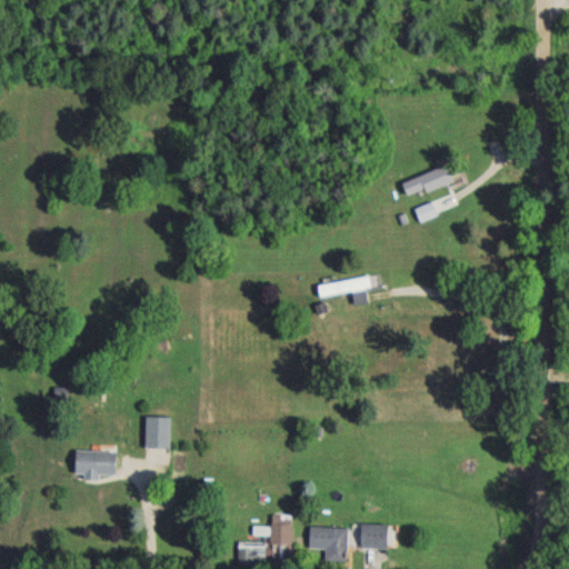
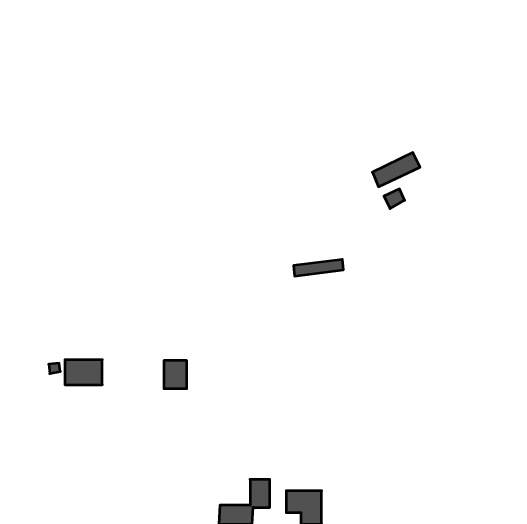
building: [146,417,170,447] -> [164,361,187,389]
building: [76,449,116,476] -> [65,360,102,385]
building: [359,522,389,548] -> none

